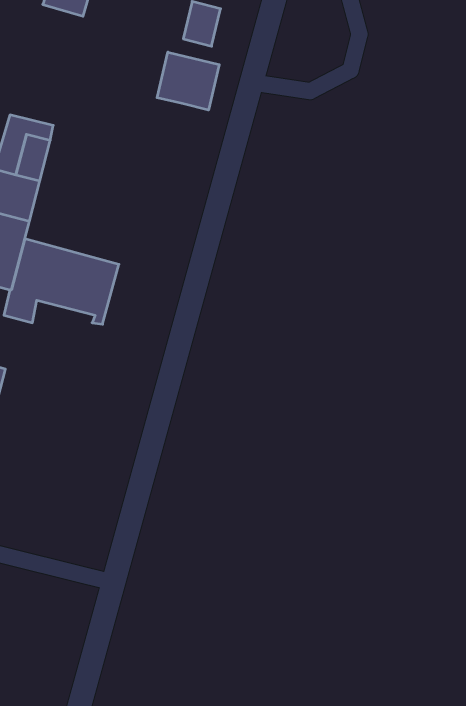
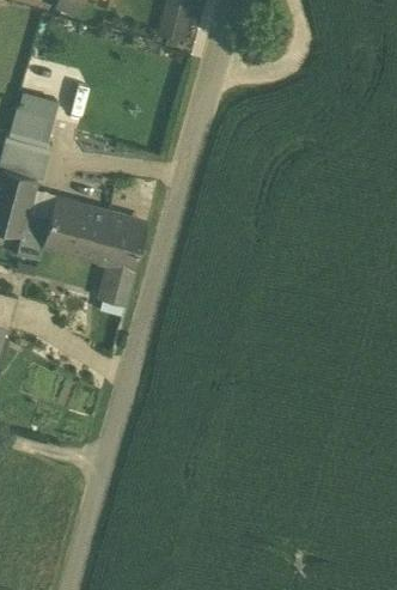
building: [157,52,219,110] -> none
building: none -> [93,214,145,300]

